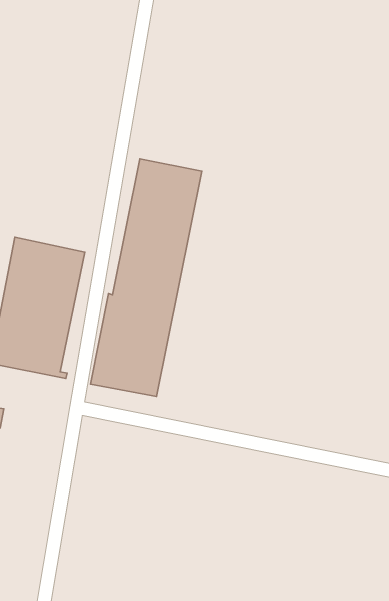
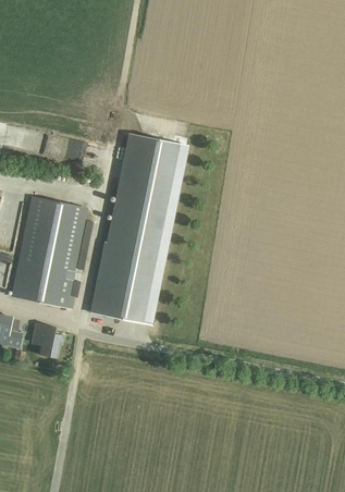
building: none -> [32,322,60,357]

